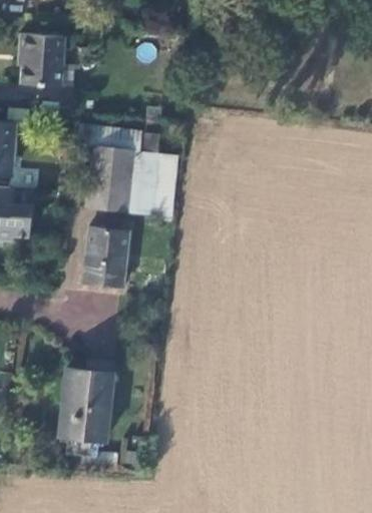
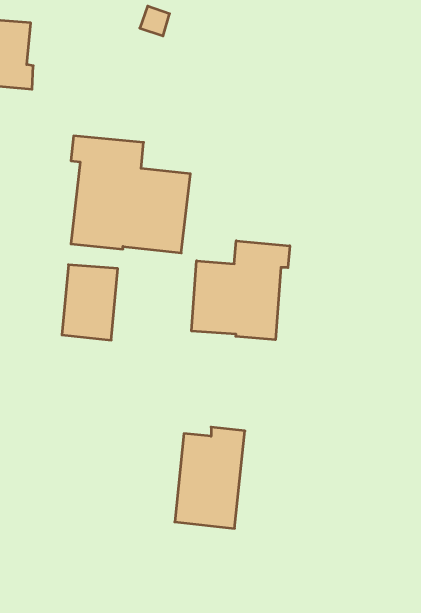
building: none -> [192,241,290,340]
building: [62,362,116,440] -> [175,427,245,528]

